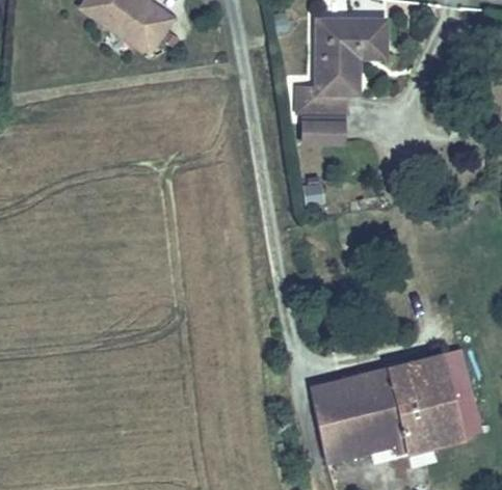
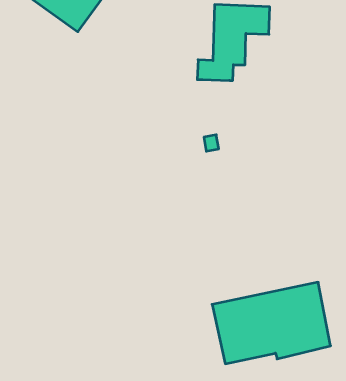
building: [300,105,337,135] -> none

